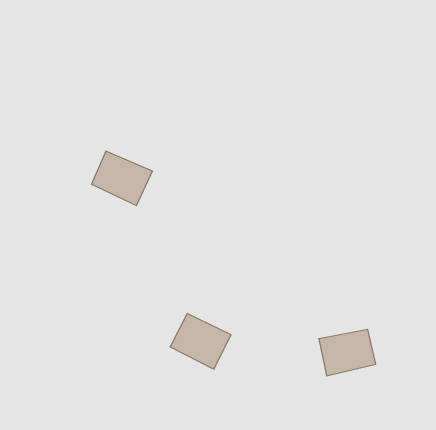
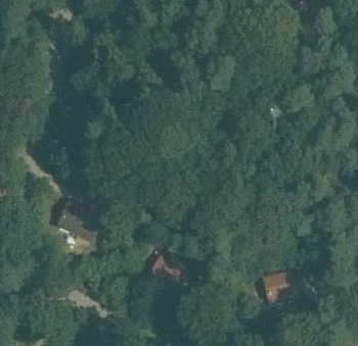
building: [91,151,152,206] -> [57,199,104,241]

